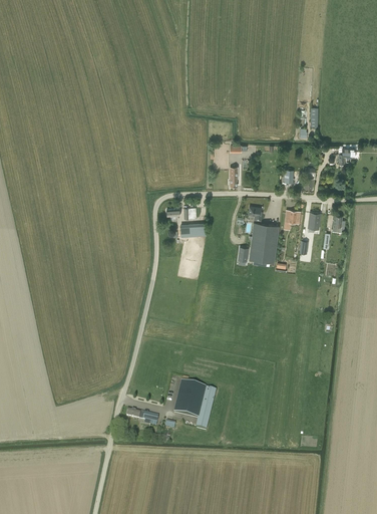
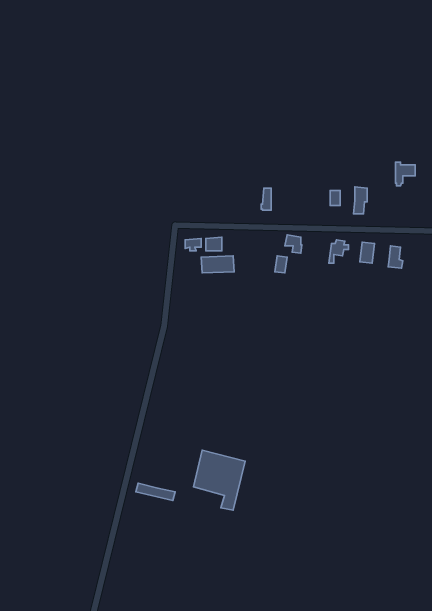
building: [249,222,279,263] -> none

